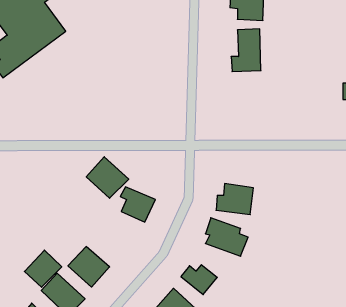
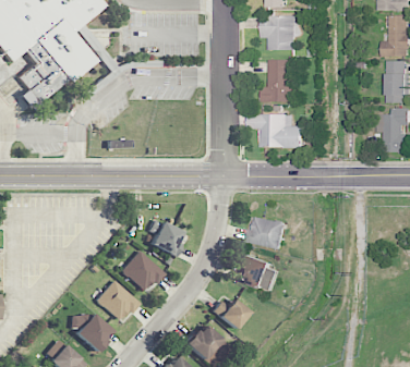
building: none -> [248,114,302,148]
building: [86,157,129,198] -> [120,250,164,293]
building: [24,250,62,287] -> none

